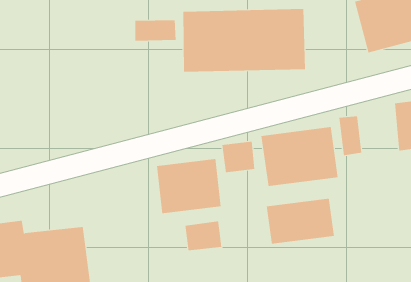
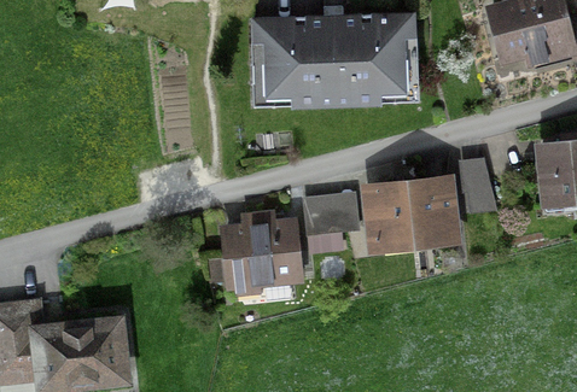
building: [135,19,176,41] -> none
building: [266,198,334,245] -> none
building: [185,220,222,251] -> none

